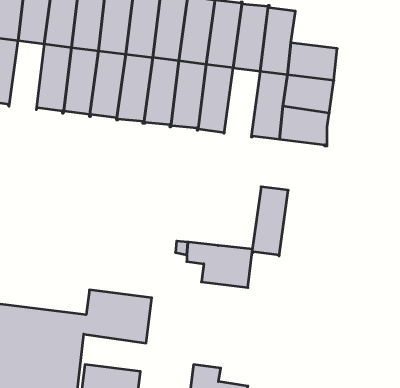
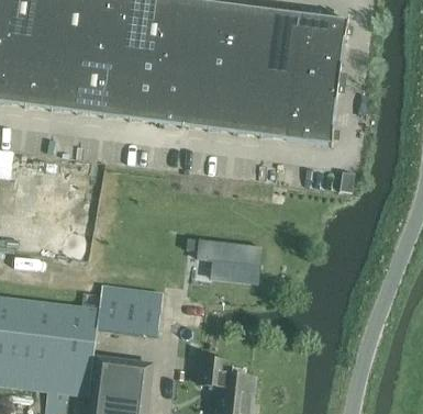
building: none -> [297,13,347,49]
building: none -> [23,42,57,109]
building: [252,187,288,256] -> [232,68,267,135]

